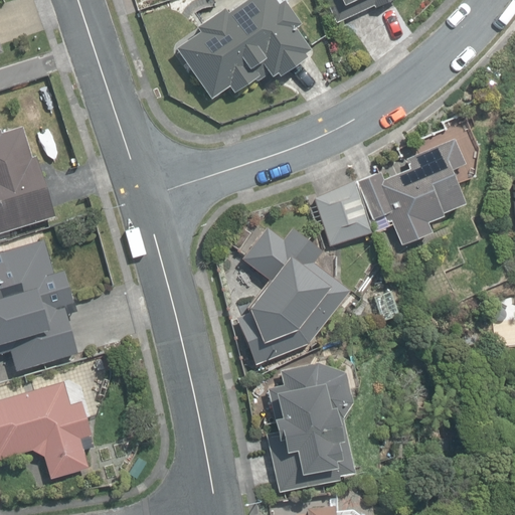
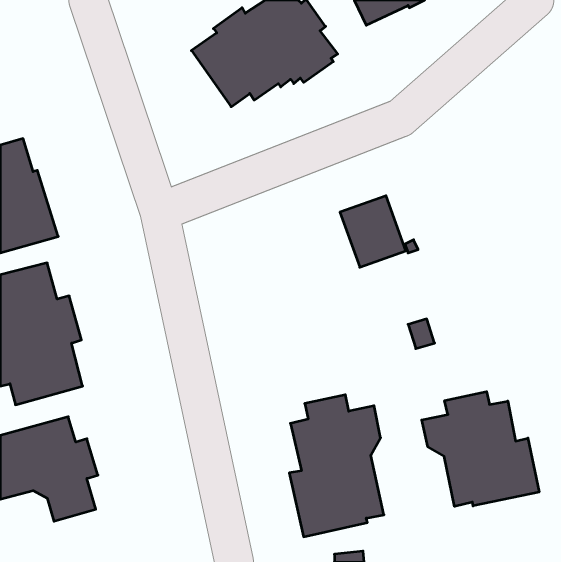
building: [357,140,463,243] -> none
building: [239,227,347,364] -> none
building: none -> [422,392,539,506]

